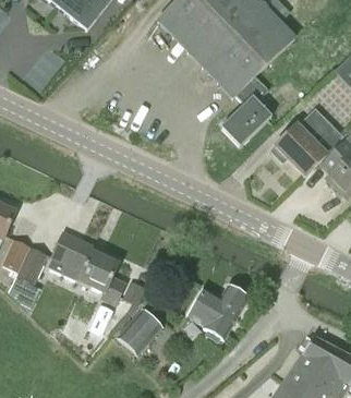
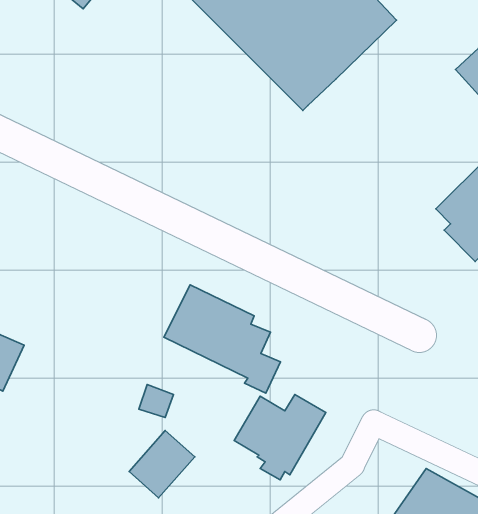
building: [222,76,273,146] -> none
building: [275,108,342,174] -> none
building: [47,231,124,303] -> [164,285,280,393]

